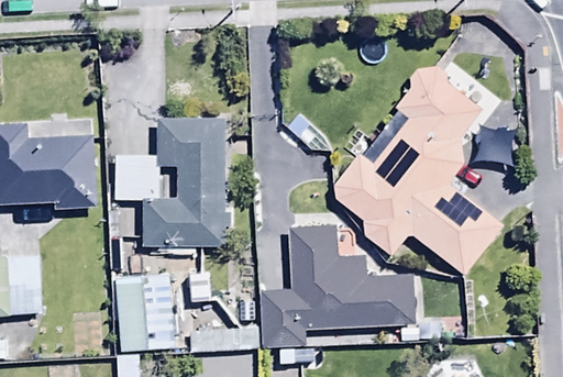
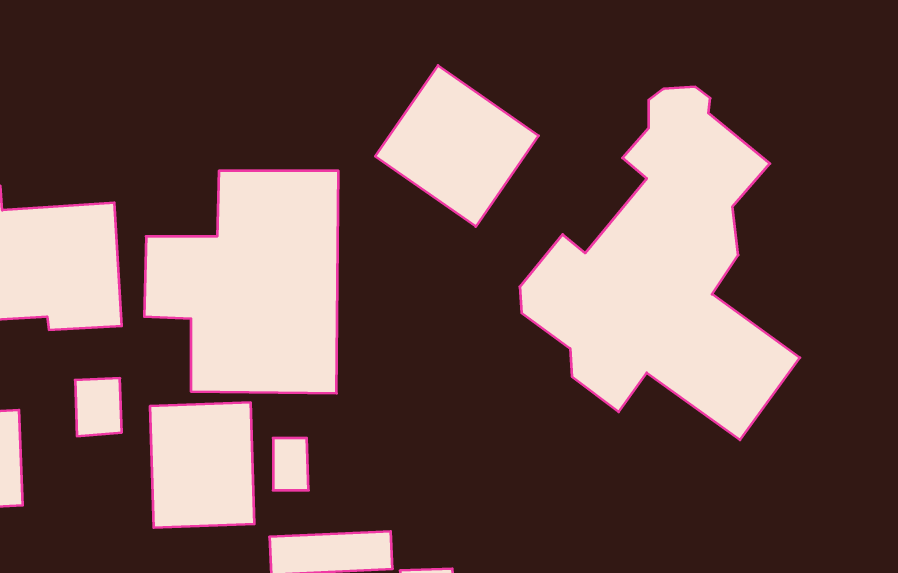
building: none -> [375,65,539,227]
building: [260,228,415,348] -> none

